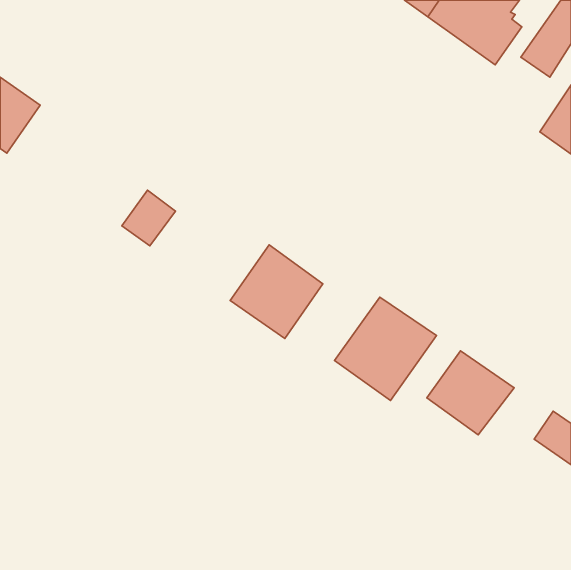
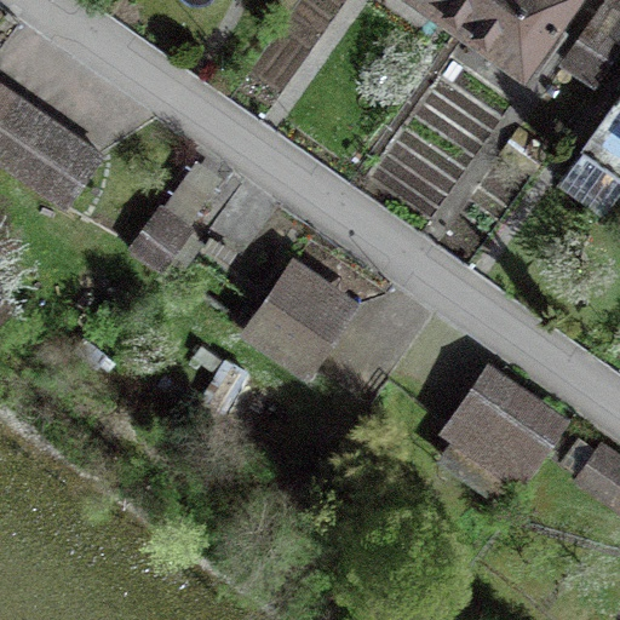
building: none -> [7,115,101,207]
building: [335,297,436,400] -> none

